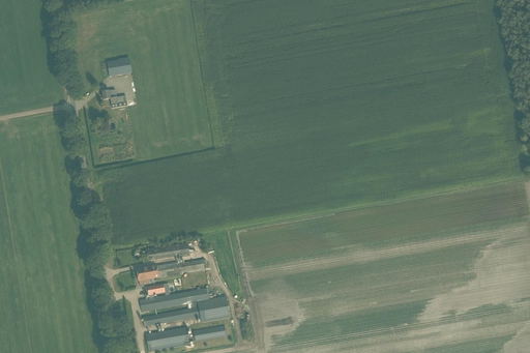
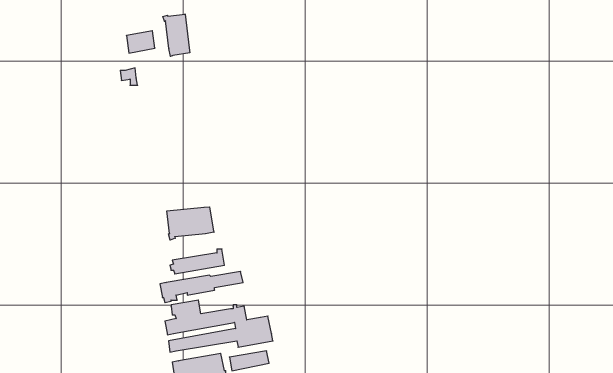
building: none -> [163,14,190,56]
building: none -> [167,207,214,240]

